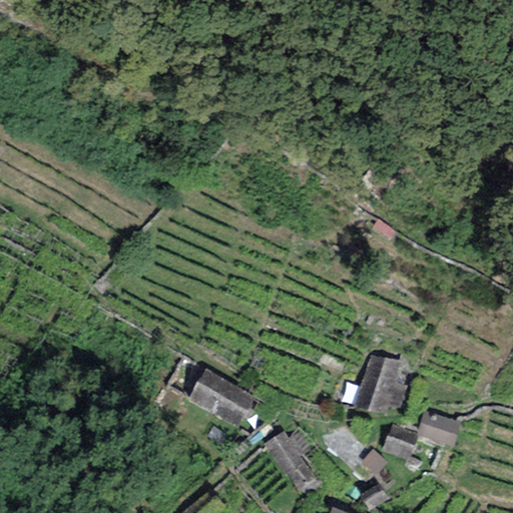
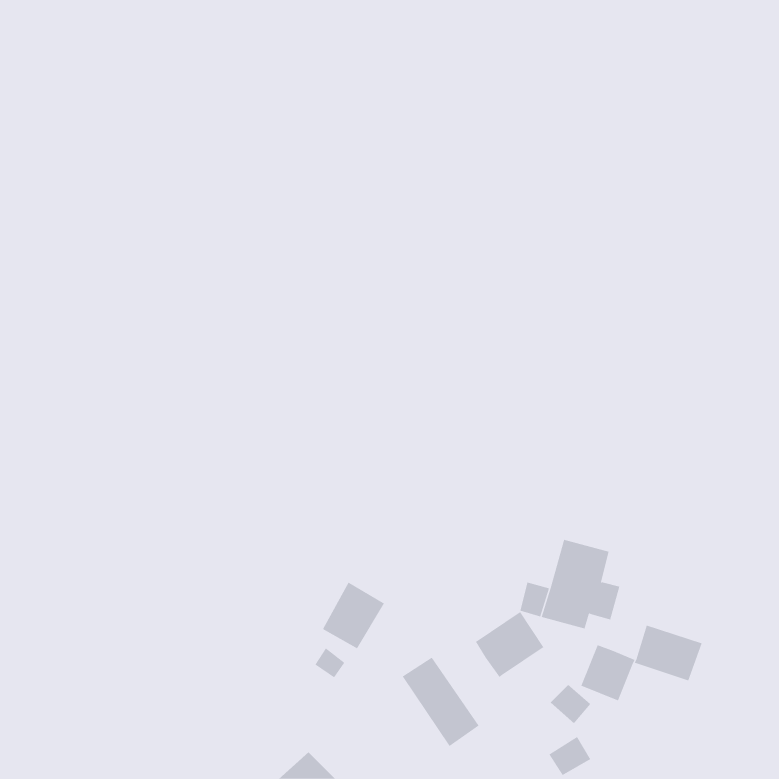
building: [188,369,229,413] -> none
building: none -> [475,611,544,678]

